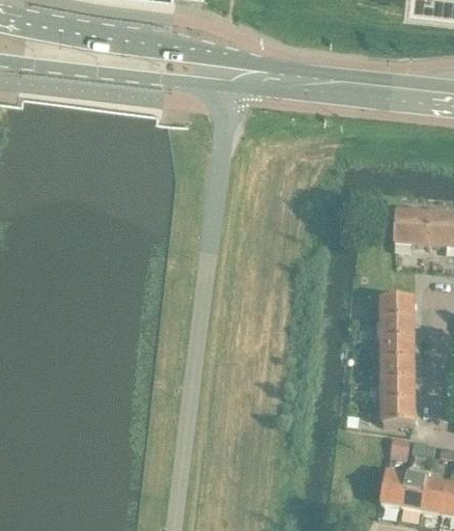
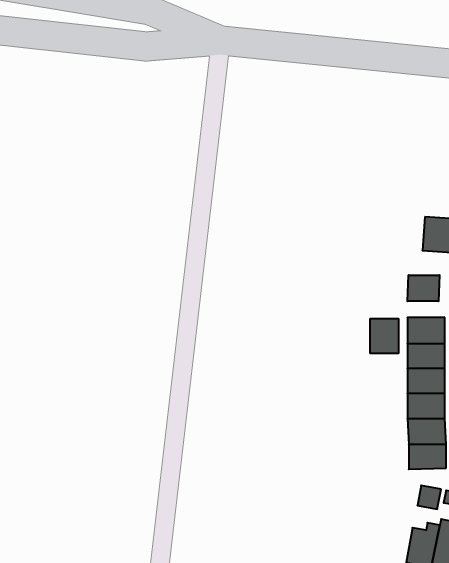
building: none -> [407,275,440,301]
building: none -> [370,319,398,353]

